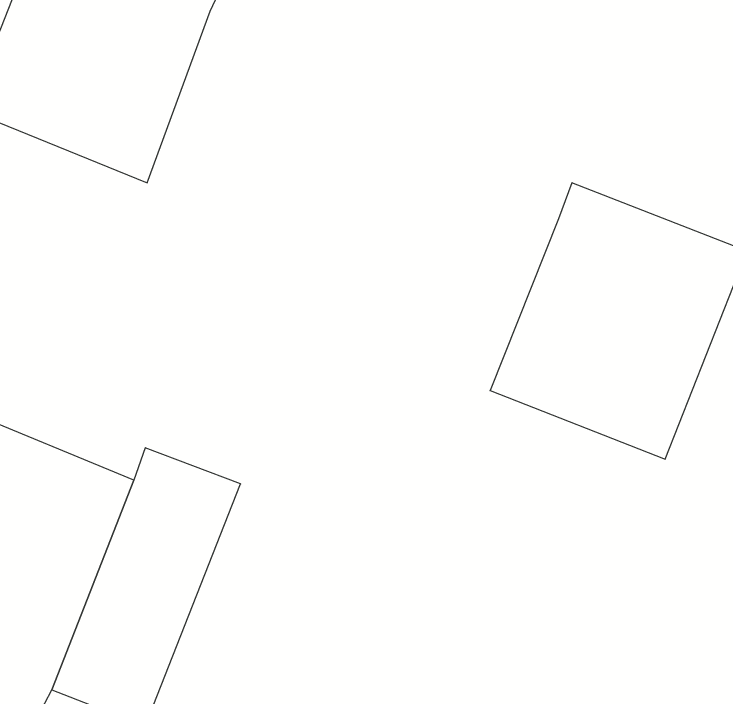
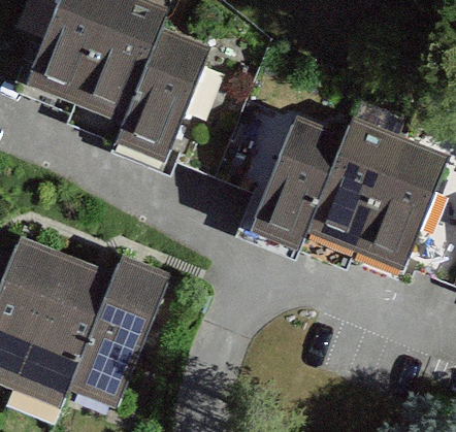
building: none -> [109,24,211,165]
building: none -> [248,115,343,247]

